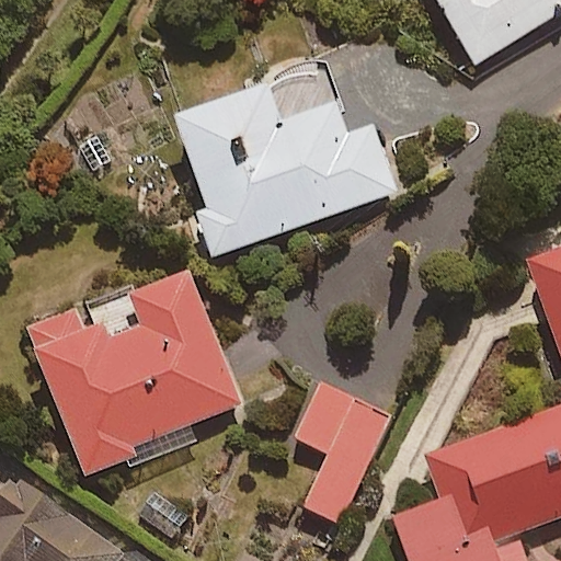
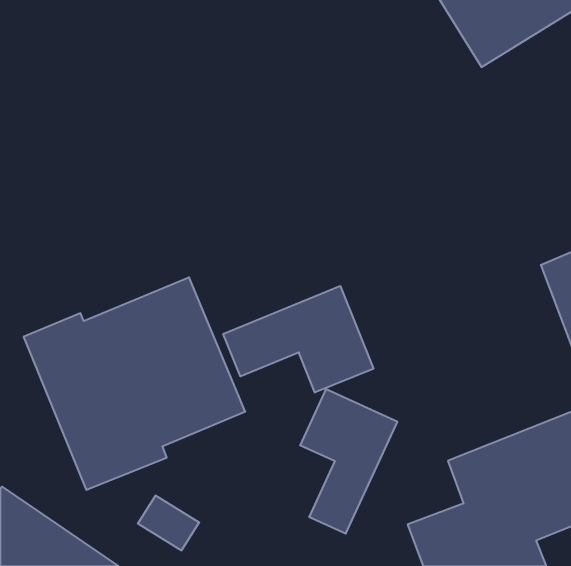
building: [174,69,396,257] -> none
building: none -> [223,286,373,393]

